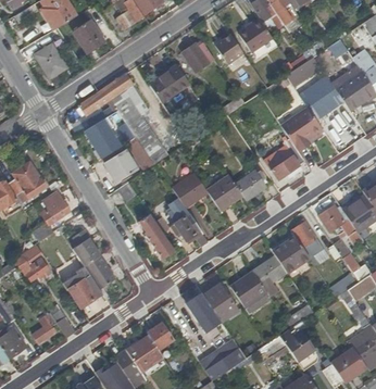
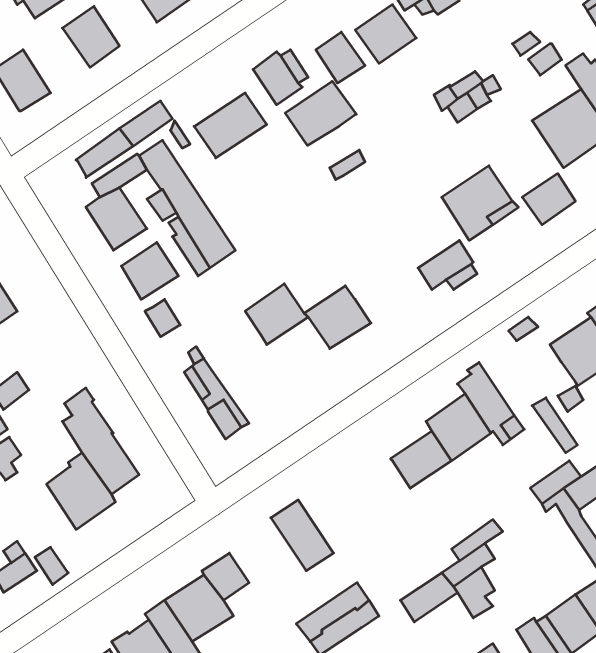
building: none -> [285,81,356,145]
building: [297,76,341,121] -> none
building: [234,168,267,200] -> none
building: [42,192,71,226] -> none
building: [167,202,209,247] -> none
building: [317,204,355,234] -> none
building: [230,272,272,313] -> none
building: [204,285,239,323] -> none

